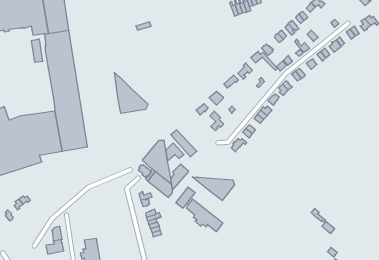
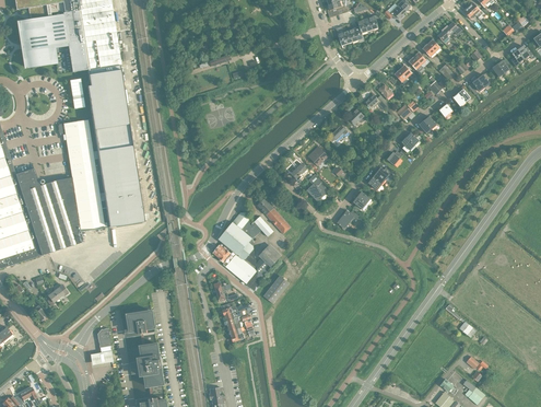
building: none -> [57,118,101,177]
building: [114,73,148,113] -> none
building: [192,177,235,201] -> none
building: [186,199,223,232] -> none
building: none -> [127,310,154,334]

